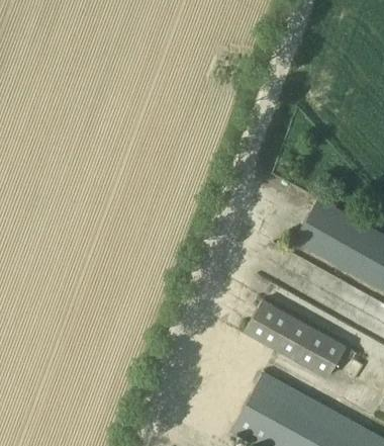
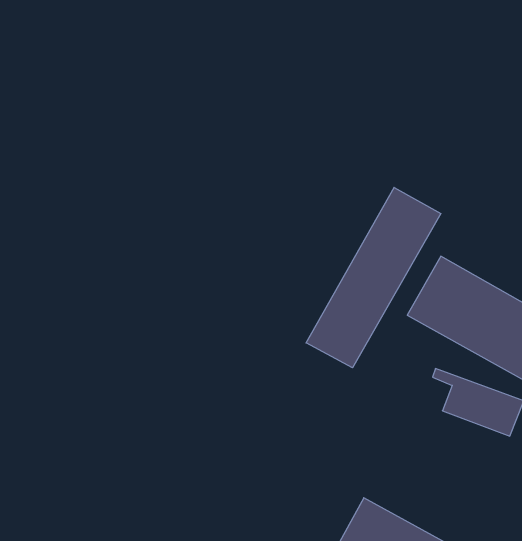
building: none -> [306,187,441,368]
building: [245,297,348,378] -> none

